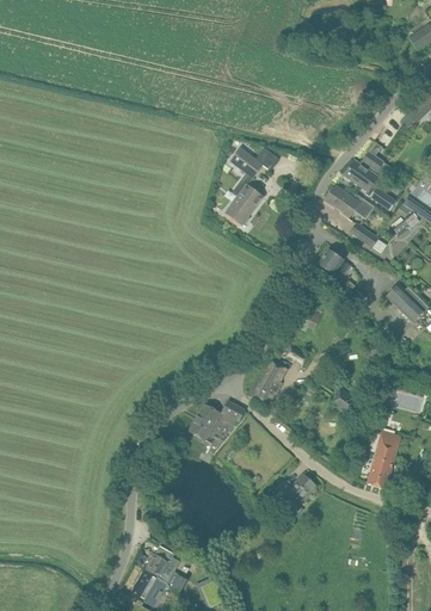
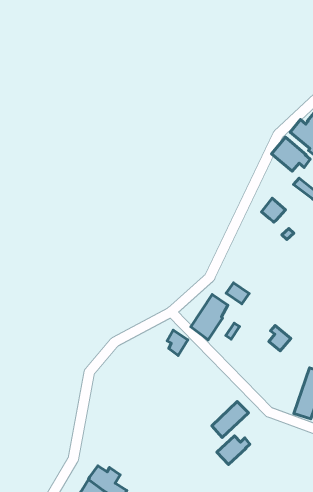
building: [226,147,277,223] -> none
building: [189,405,218,439] -> none
building: none -> [217,436,250,465]

